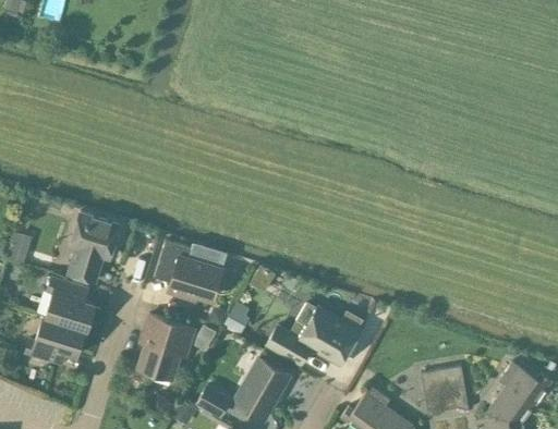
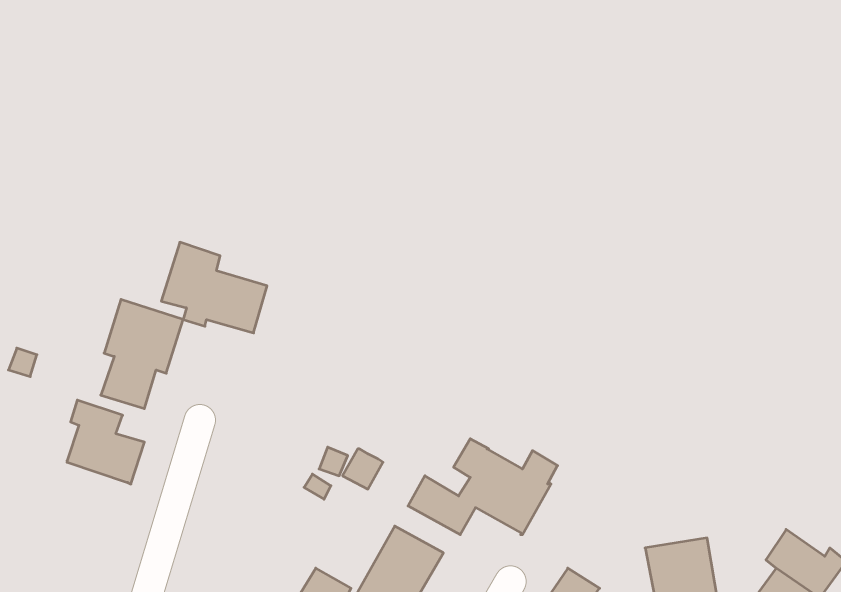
building: [154,240,222,298] -> [161,242,267,333]
building: [26,315,85,361] -> none
building: [138,315,194,378] -> none

